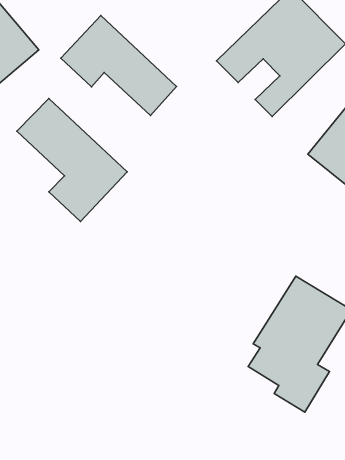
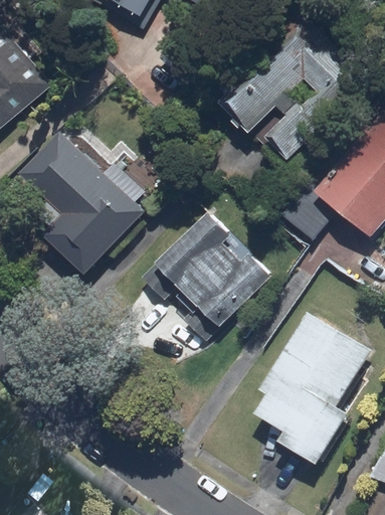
building: [61,15,177,116] -> none
building: none -> [145,219,261,335]

